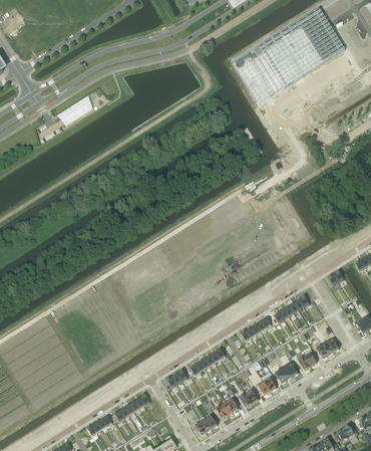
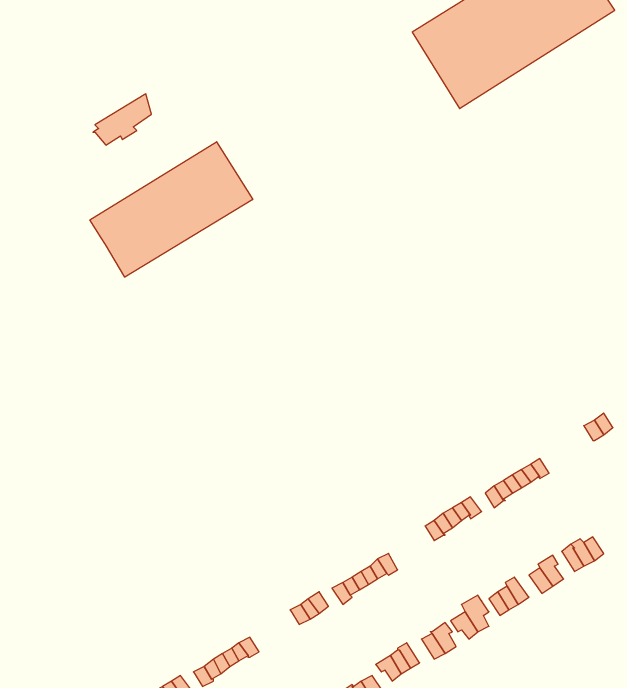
building: none -> [90,142,253,277]

